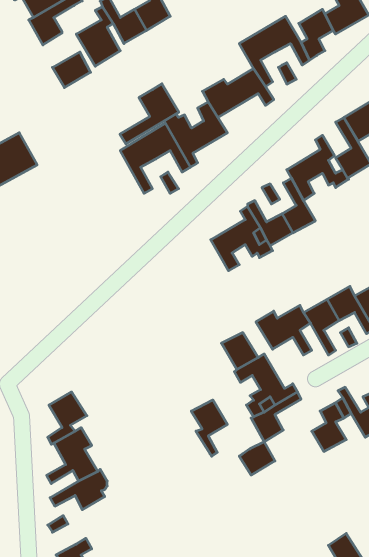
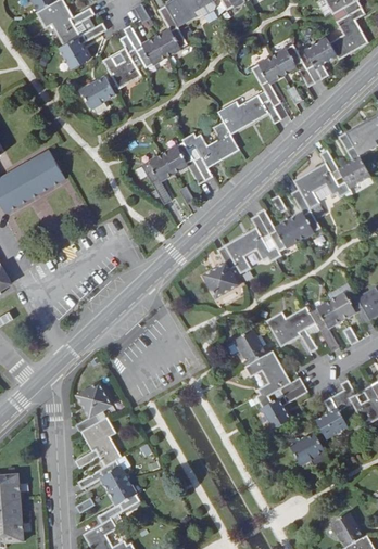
building: [120,84,179,144] -> none
building: none -> [203,246,238,298]
building: [191,400,227,456] -> none
building: [239,442,275,475] -> [290,435,323,465]
building: none -> [97,481,139,524]

